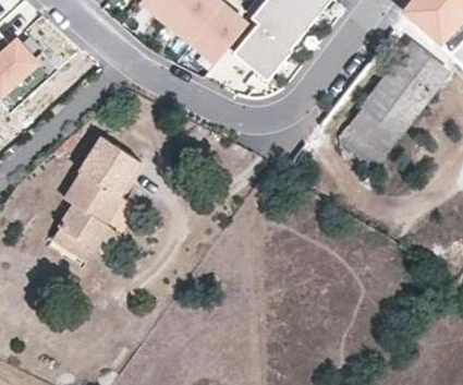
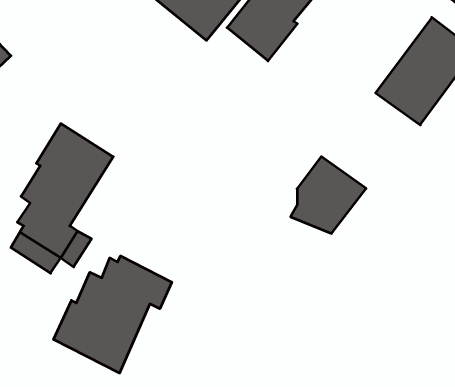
building: [336,107,400,172] -> [291,157,366,233]
building: none -> [54,256,172,373]

